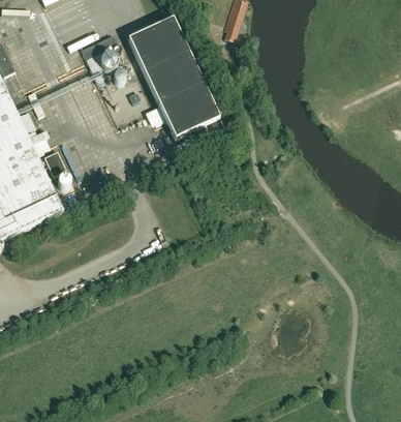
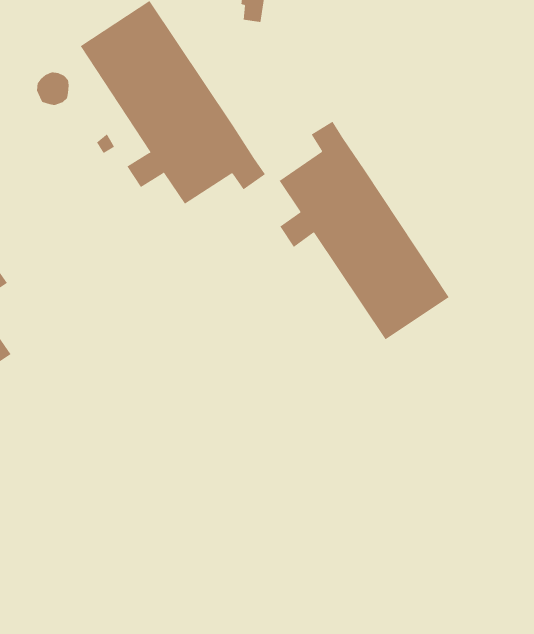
building: none -> [279,121,450,340]

